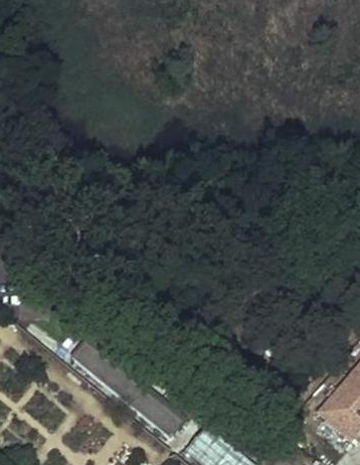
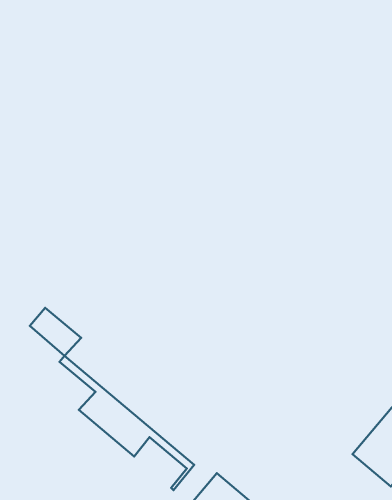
building: [61,332,105,372] -> [30,308,81,356]
building: [137,396,181,438] -> none

